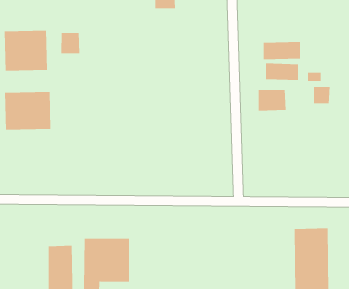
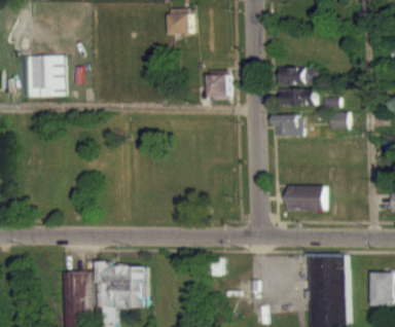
building: [61,32,80,54] -> none
building: none -> [209,71,229,99]
building: [5,91,51,131] -> none
building: none -> [286,185,323,211]

